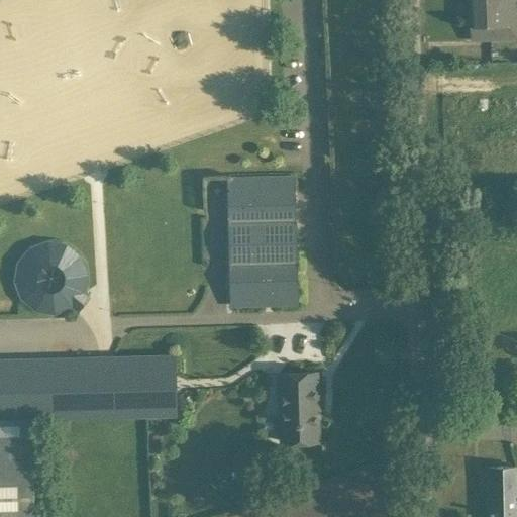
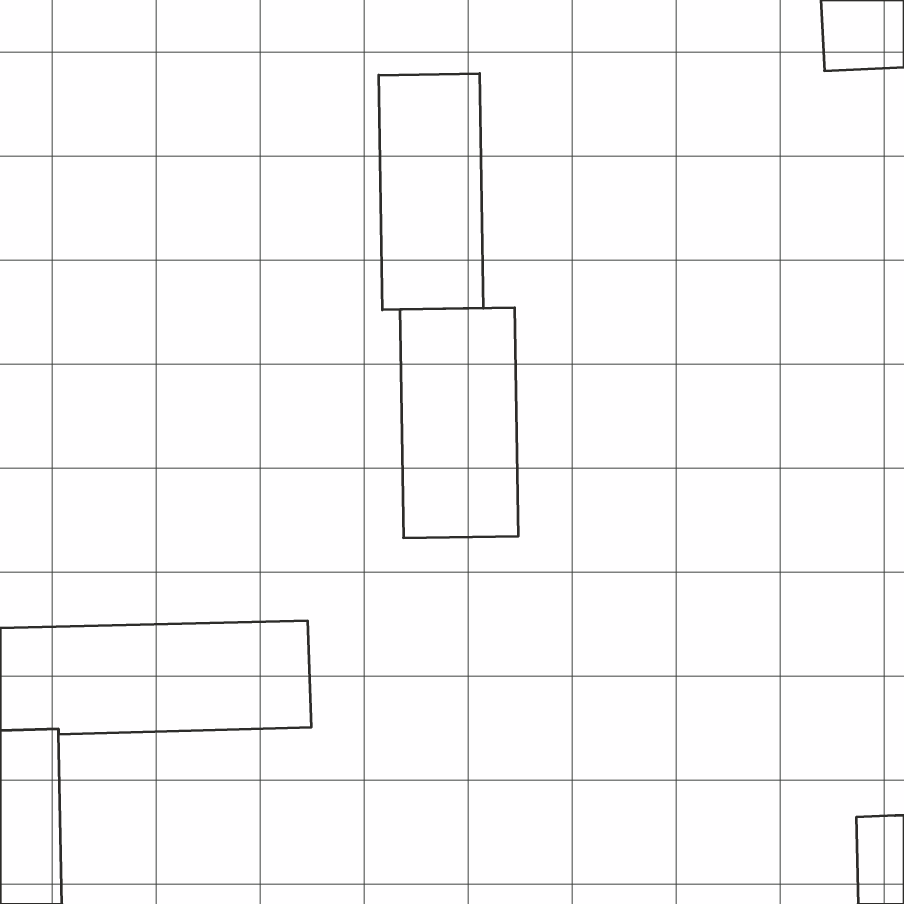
building: none -> [379,73,483,310]
building: [15,240,87,313] -> none
building: [281,372,319,440] -> none

